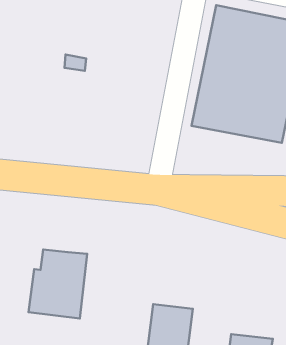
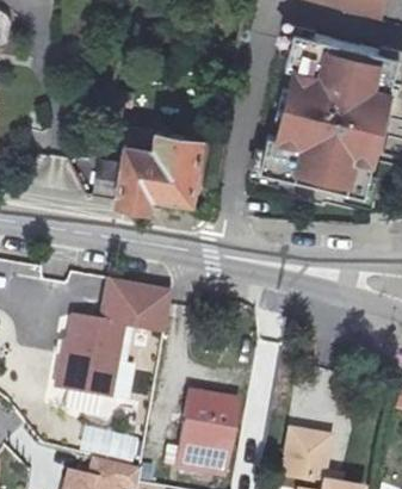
building: none -> [94,126,203,206]
building: none -> [103,280,169,330]

